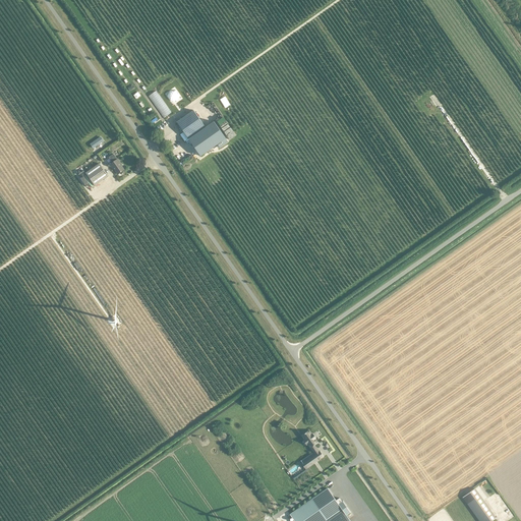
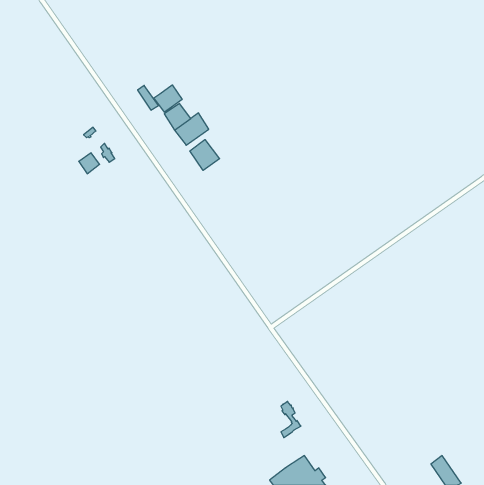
building: none -> [154,85,182,112]
building: none -> [190,140,220,170]

